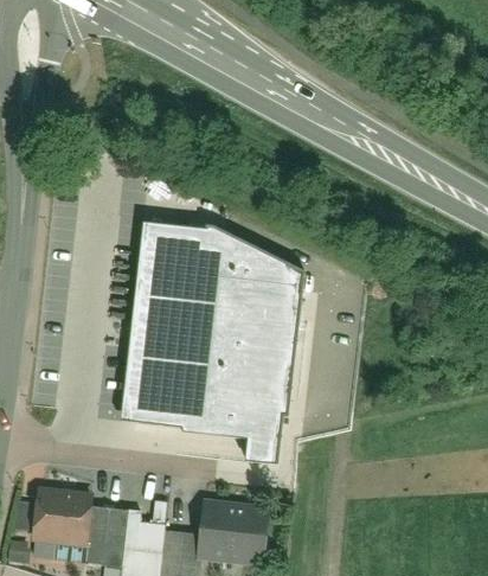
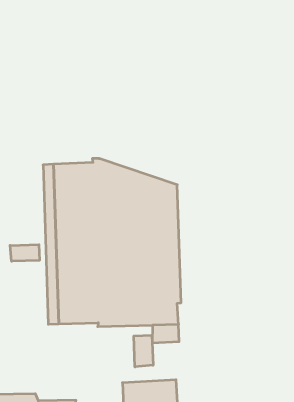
building: none -> [10,245,39,261]
building: none -> [134,335,153,367]

